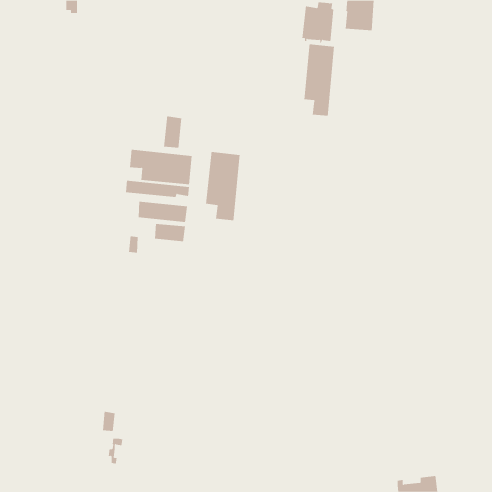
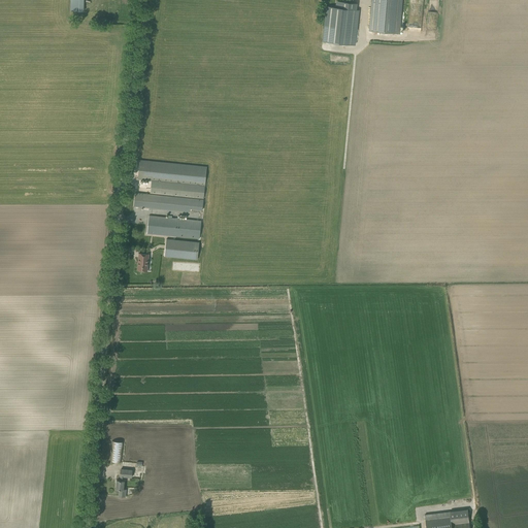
building: [304,44,334,117] -> none
building: [163,116,182,148] -> none
building: [205,151,240,221] -> none

